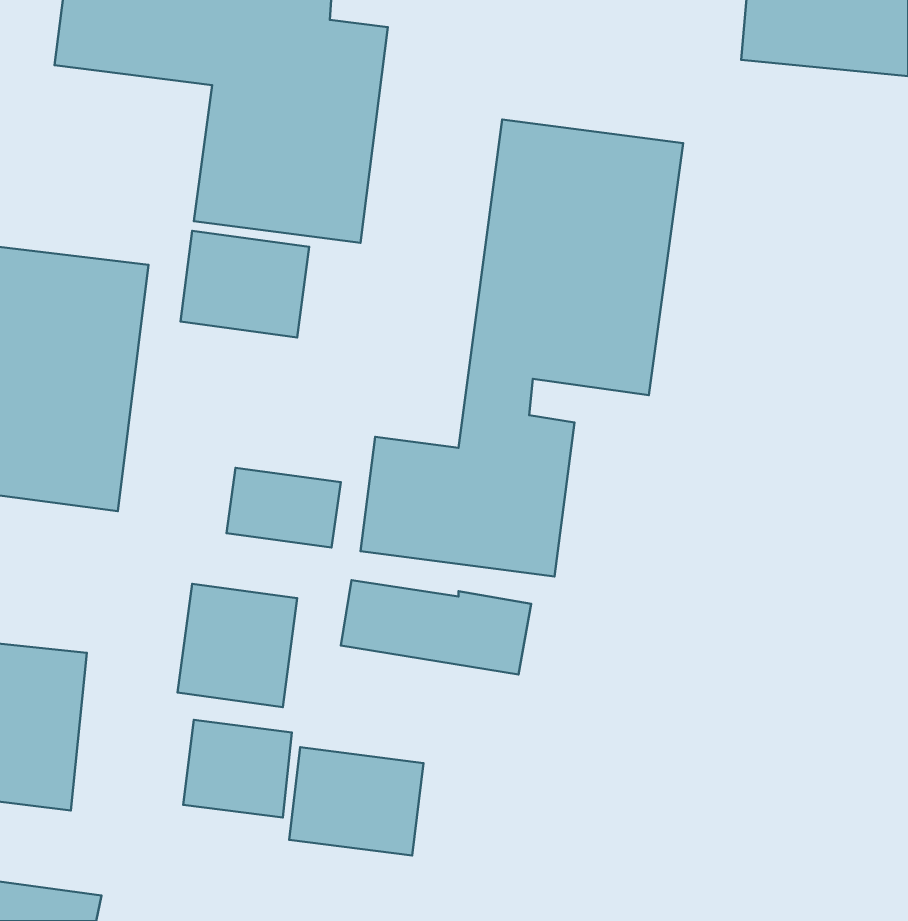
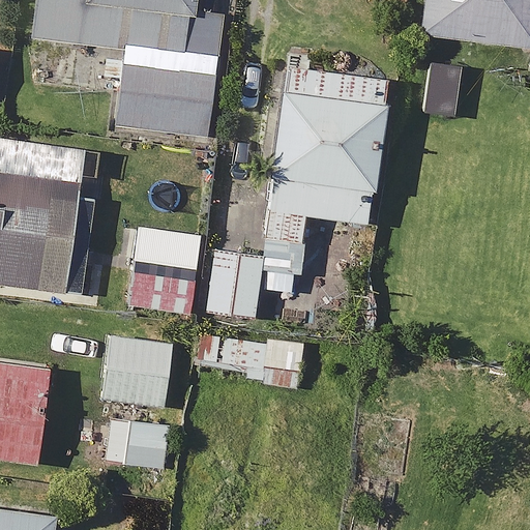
building: [180,231,309,338] -> none
building: [289,747,423,856] -> none

